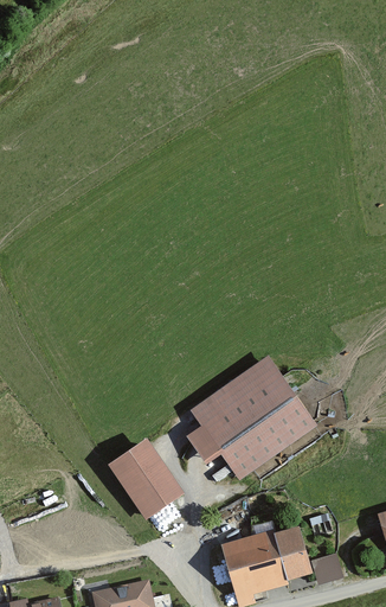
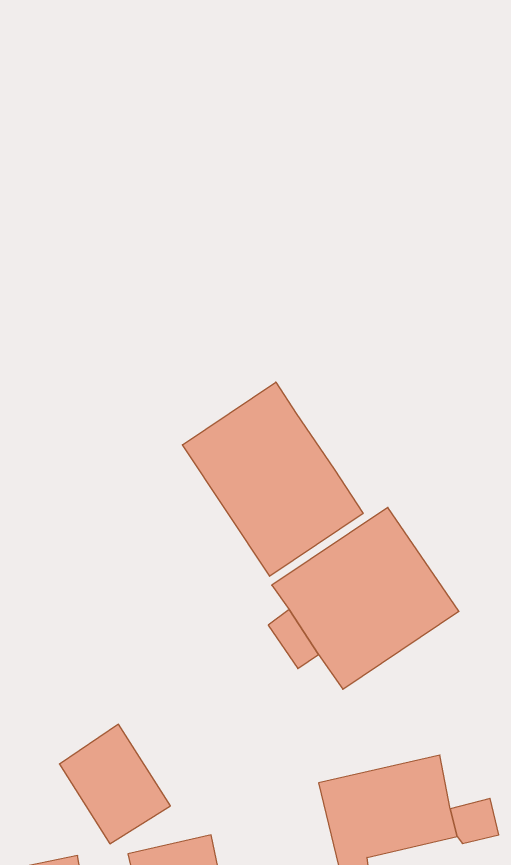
building: none -> [182,382,363,576]
building: [109,437,185,519] -> [59,724,170,844]

